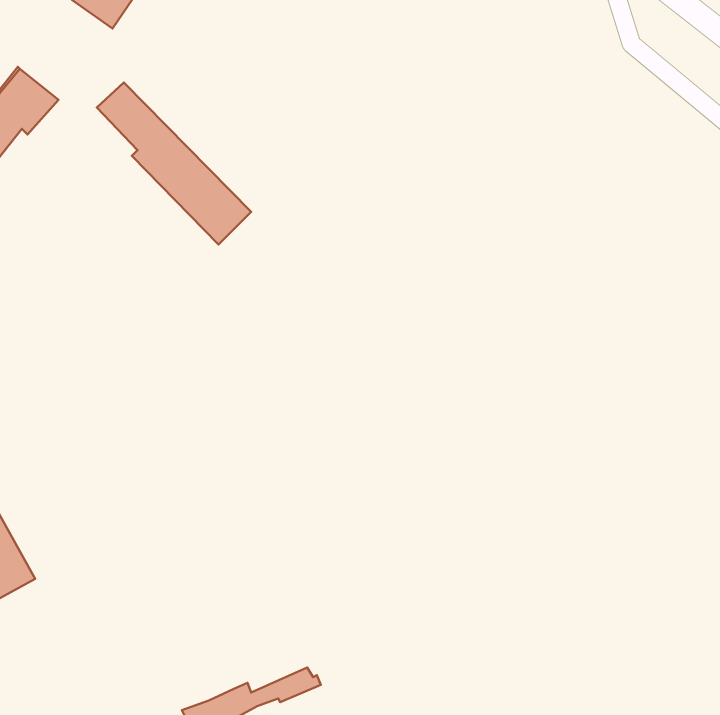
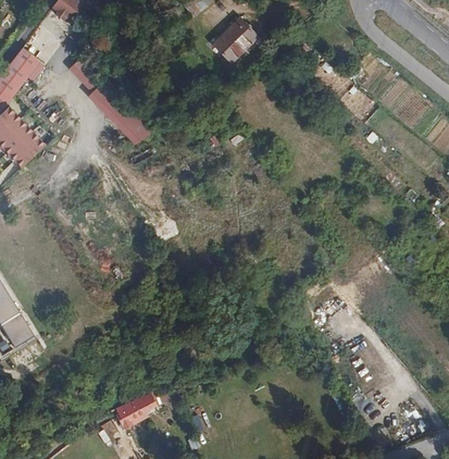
building: none -> [210,21,254,65]

